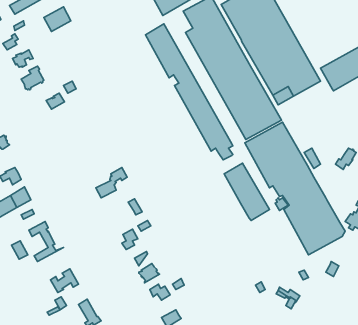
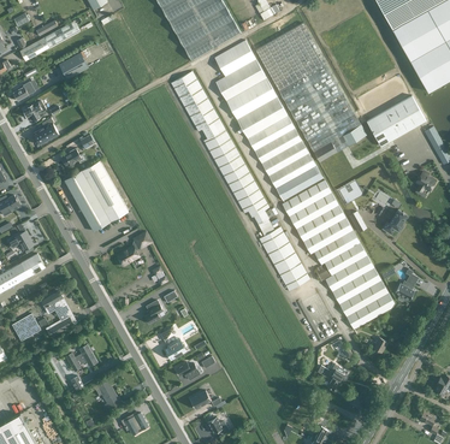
building: none -> [64,159,128,230]

